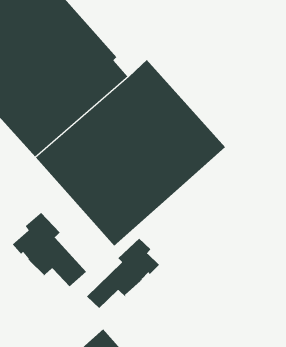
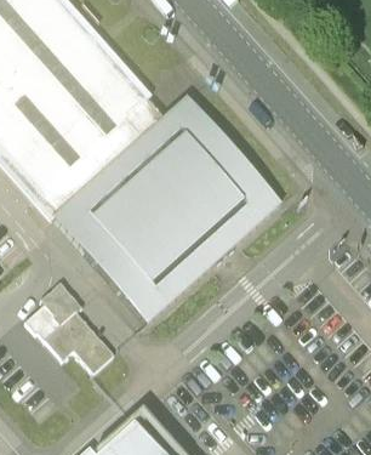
building: [86,238,160,309] -> none

